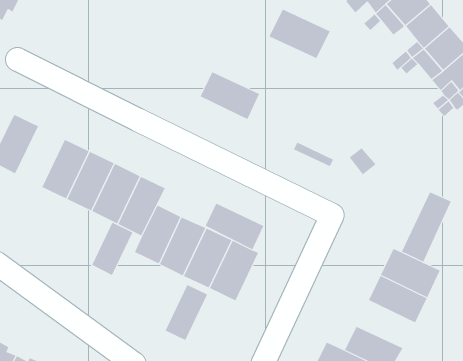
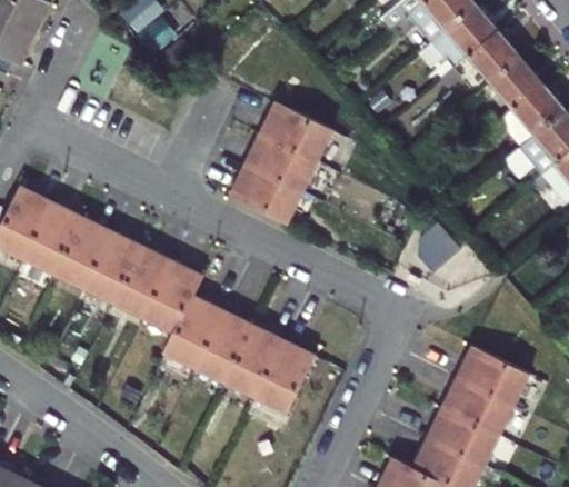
building: [269,9,331,59] -> [257,102,331,162]
building: none -> [21,201,80,275]
building: [401,191,452,263] -> none
building: [205,203,264,250] -> [229,166,300,222]
building: [91,222,133,276] -> none
building: [165,284,208,341] -> none
building: none -> [430,410,501,468]

